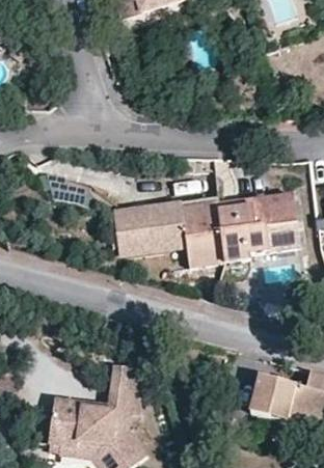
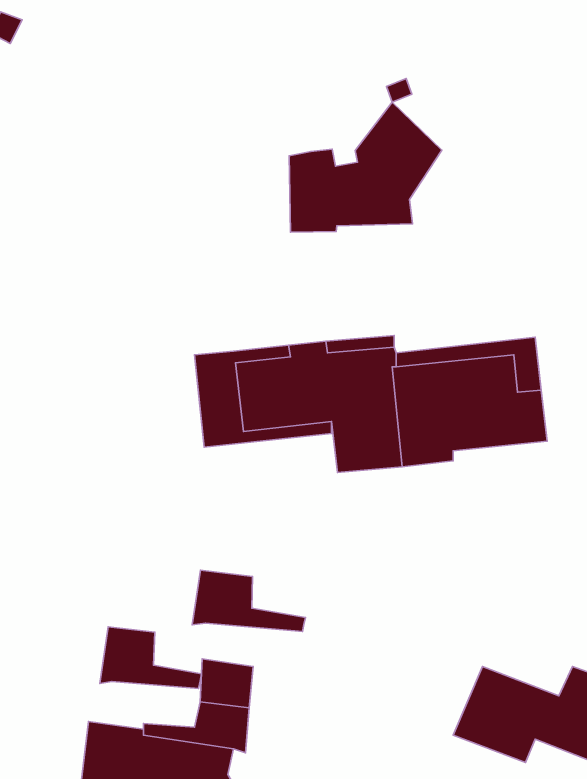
building: none -> [289,102,442,232]
building: none -> [192,570,306,631]
building: none -> [100,627,202,688]

